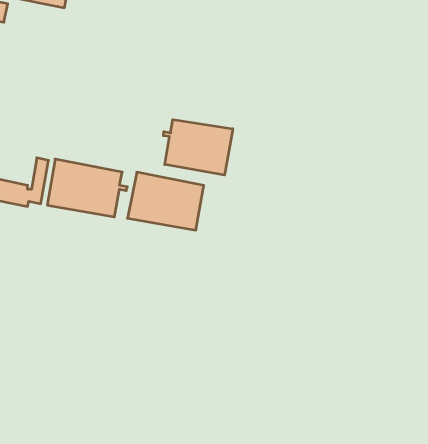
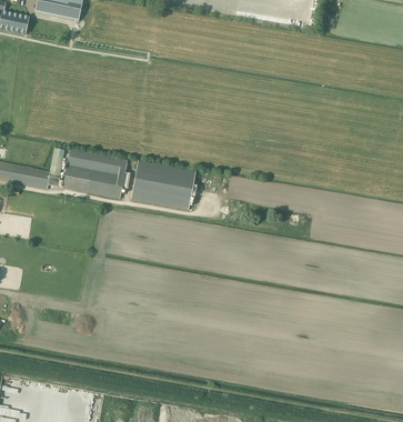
building: [163,120,233,175] -> none

